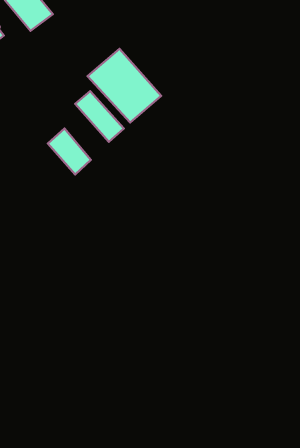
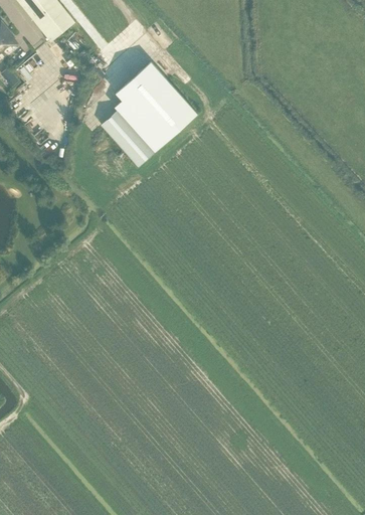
building: [48,129,91,174] -> none

